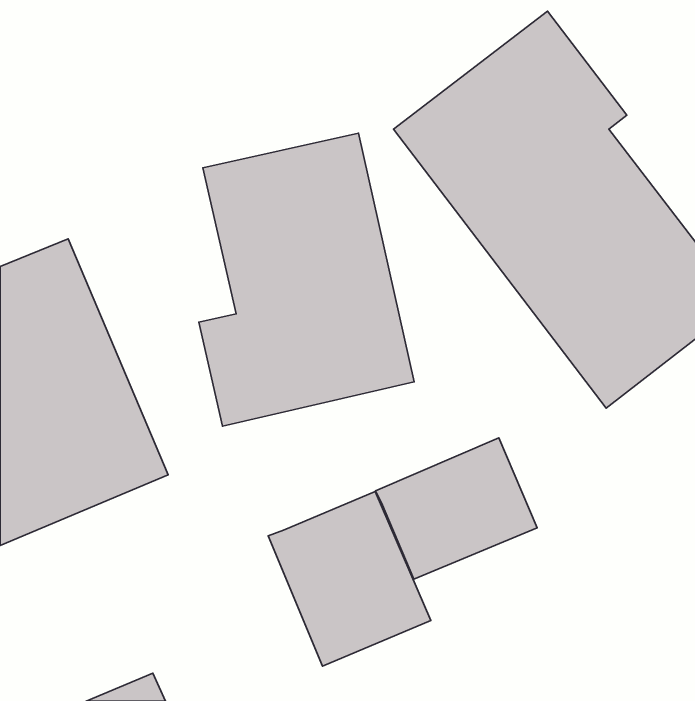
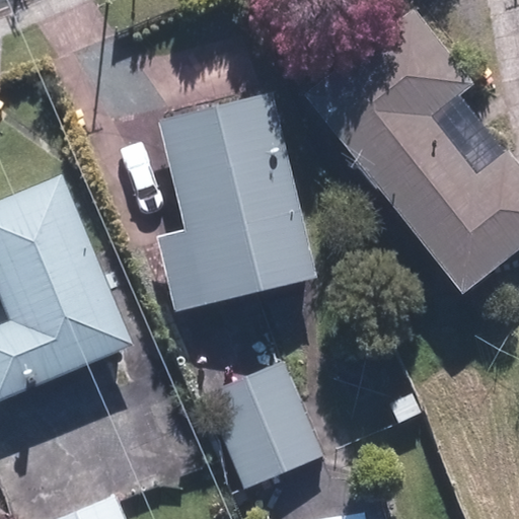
building: [376,438,537,579] -> none

